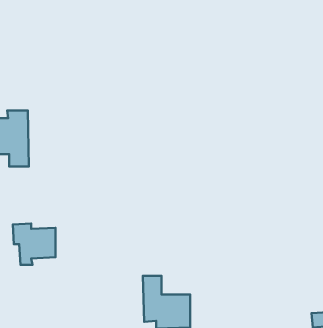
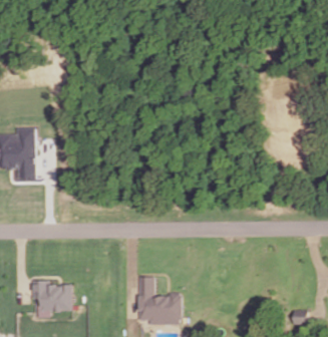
building: [13,223,55,265] -> [32,280,71,318]

